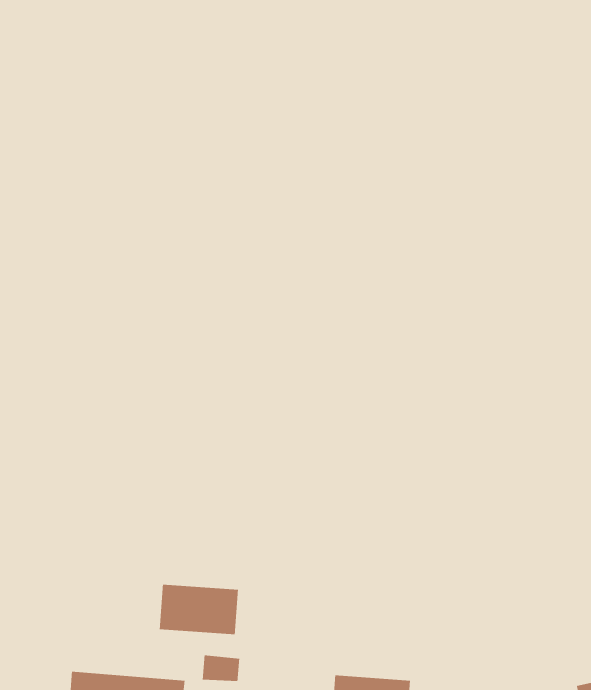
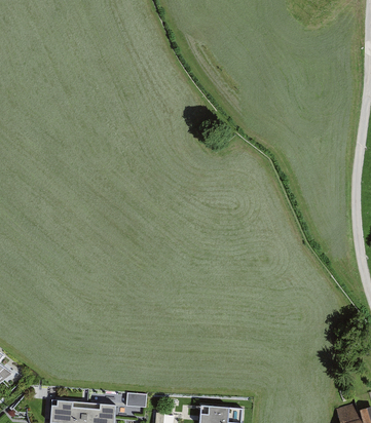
building: [159,584,239,635] -> none

